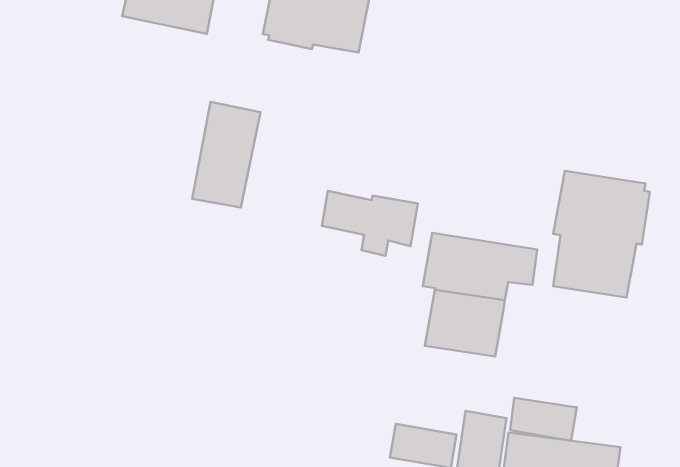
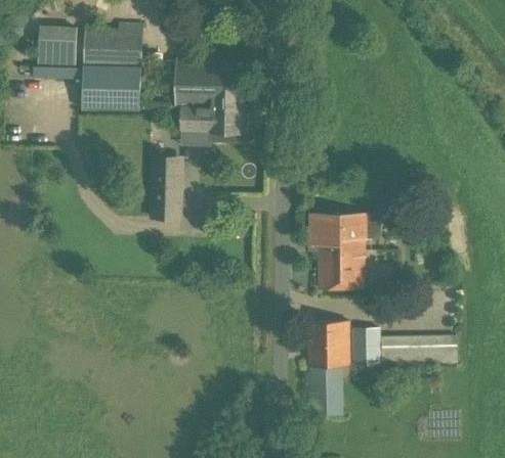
building: [553,171,650,298] -> none
building: [322,191,418,256] -> [180,105,241,143]
building: [510,398,577,441] -> [306,321,348,344]

